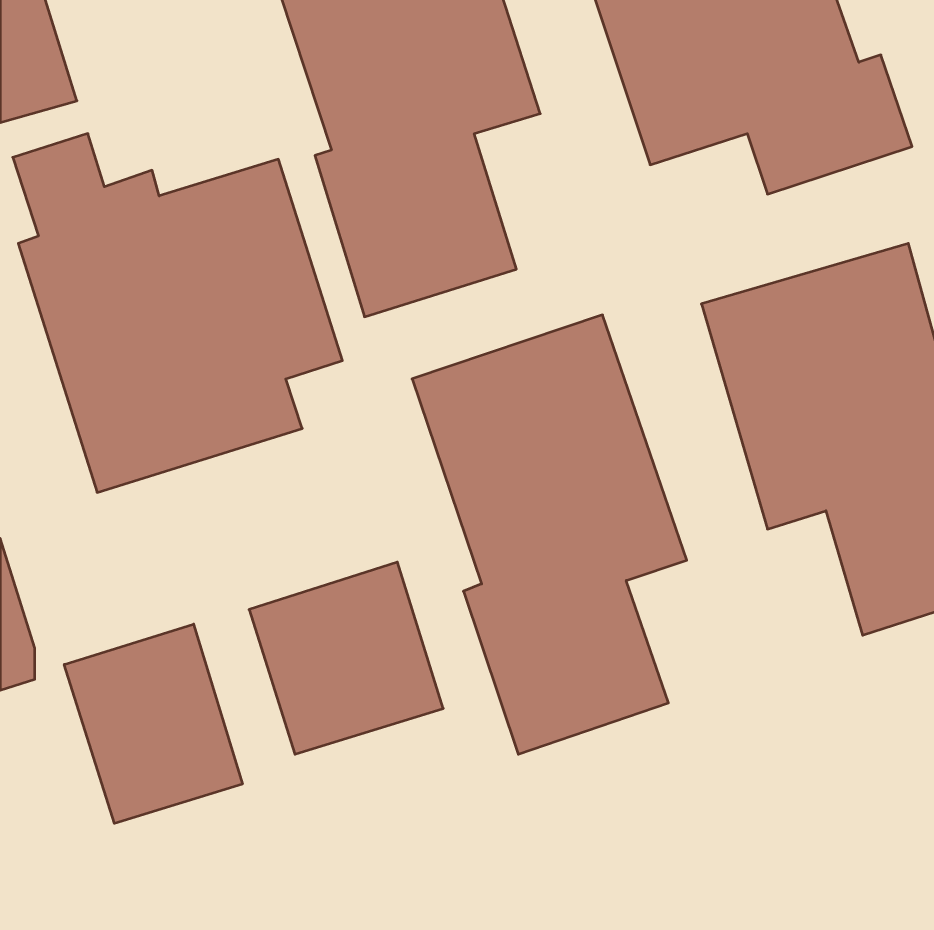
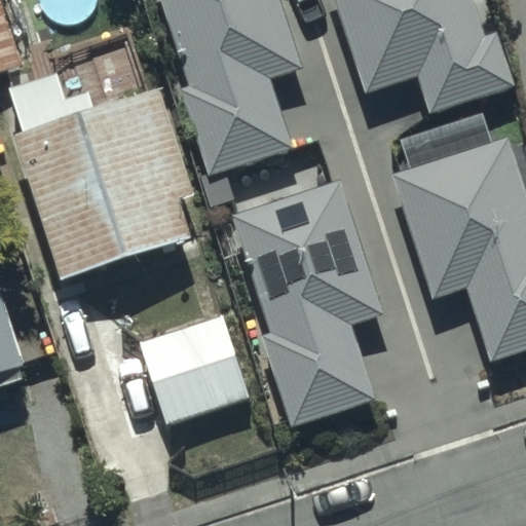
building: [64,624,242,823] -> none

